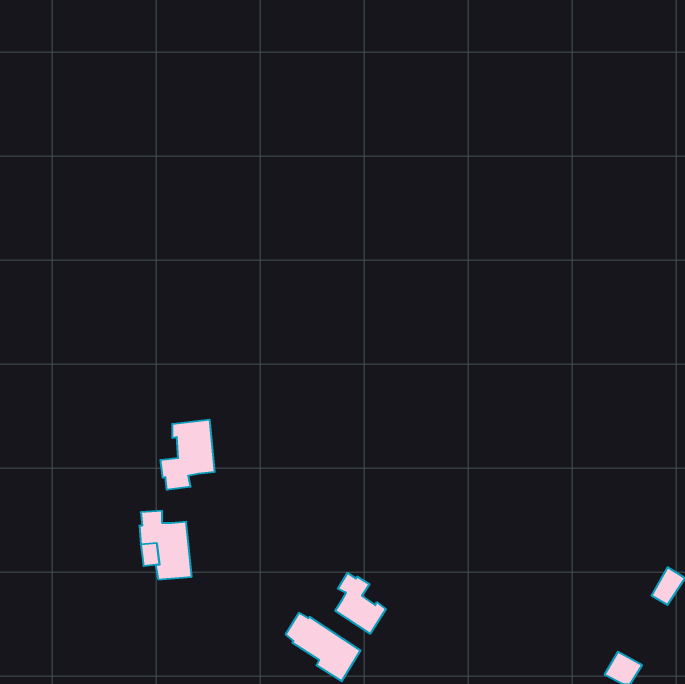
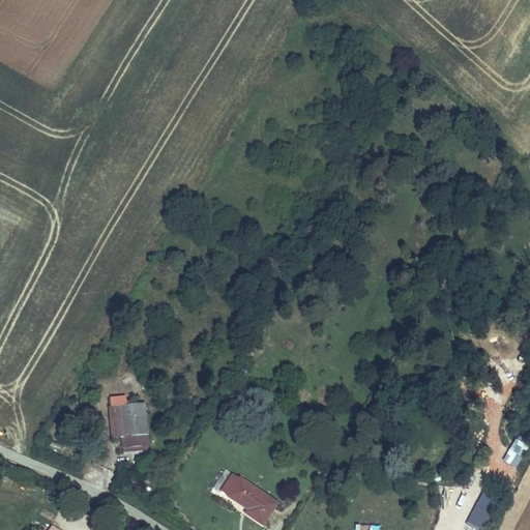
building: [160,420,215,490] -> none
building: [335,573,386,634] -> none

